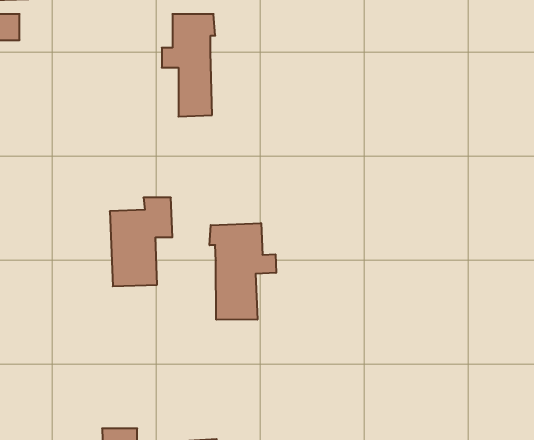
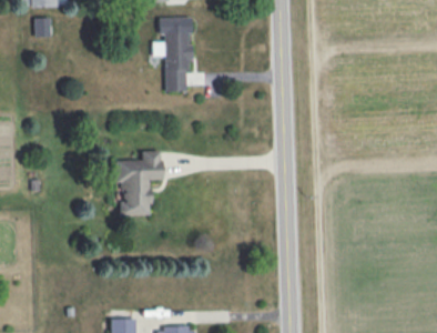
building: [210,223,276,320] -> none

